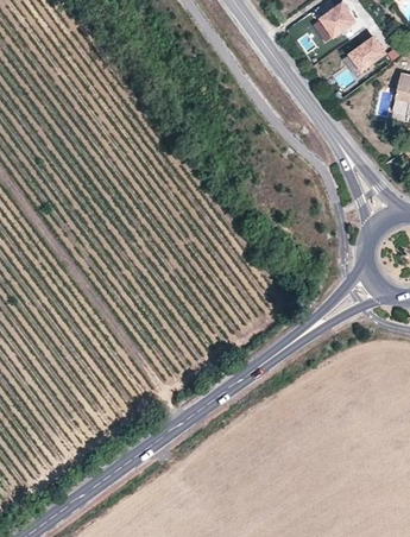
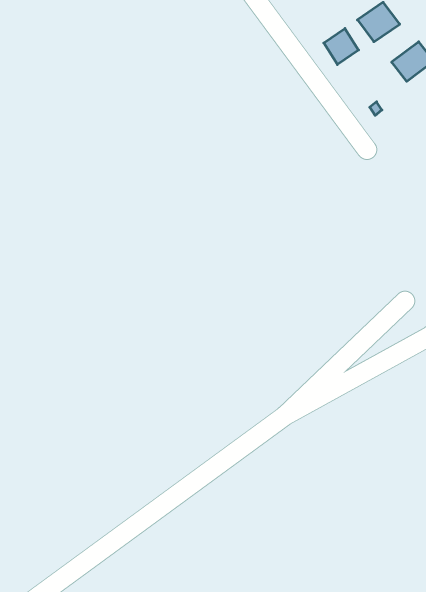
building: none -> [324,28,359,65]

